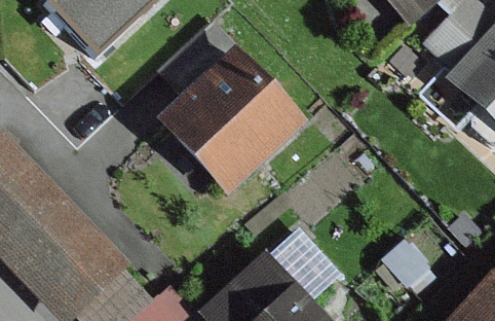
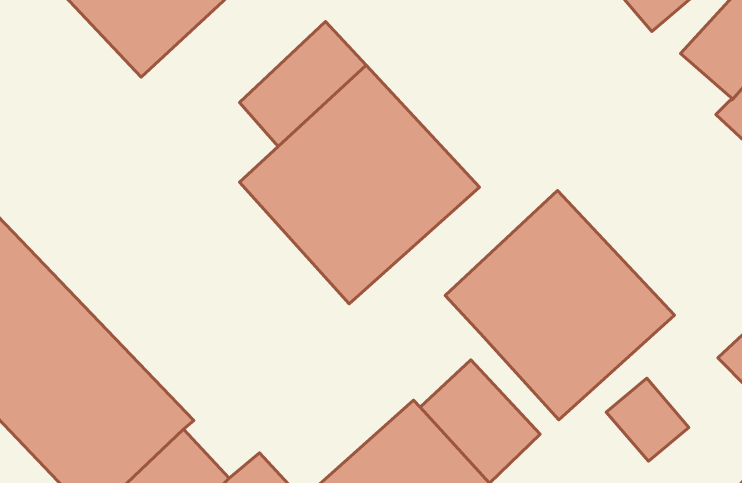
building: none -> [445,191,674,420]

